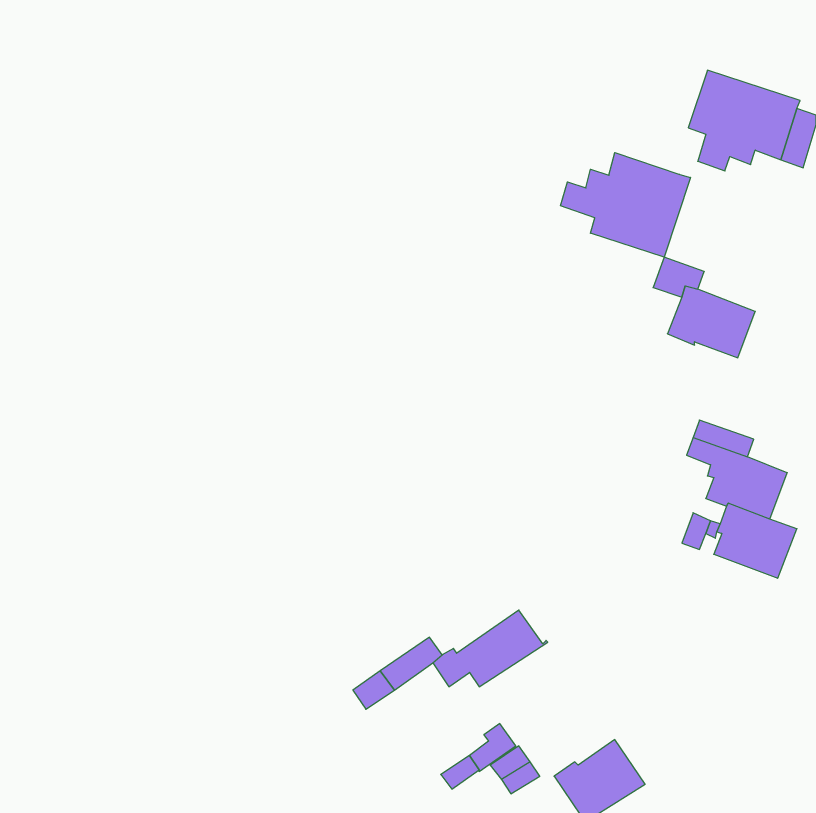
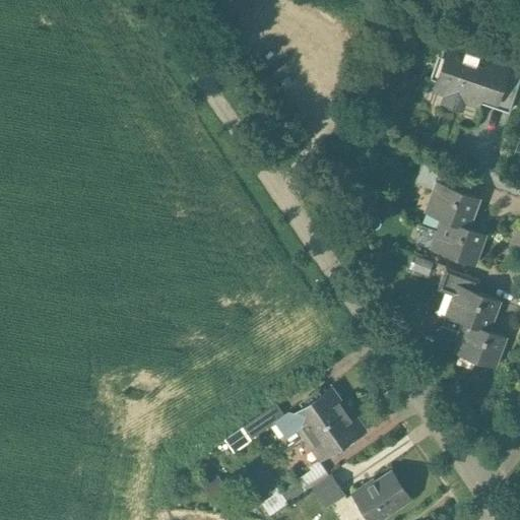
building: [560,153,690,257] -> none
building: none -> [431,219,486,267]
building: none -> [305,410,363,459]

